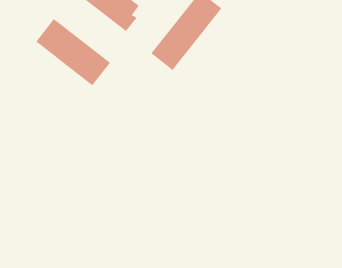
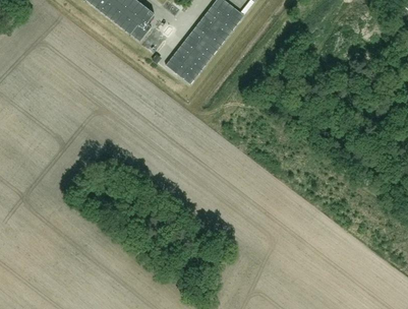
building: [35,18,111,86] -> none

